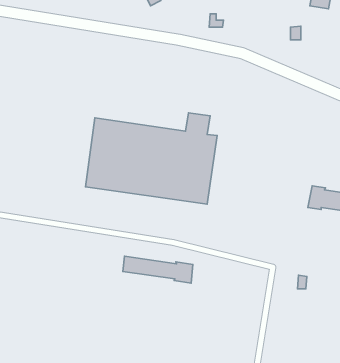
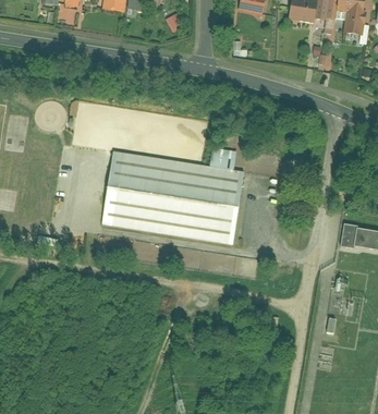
building: [123,256,193,283] -> none

